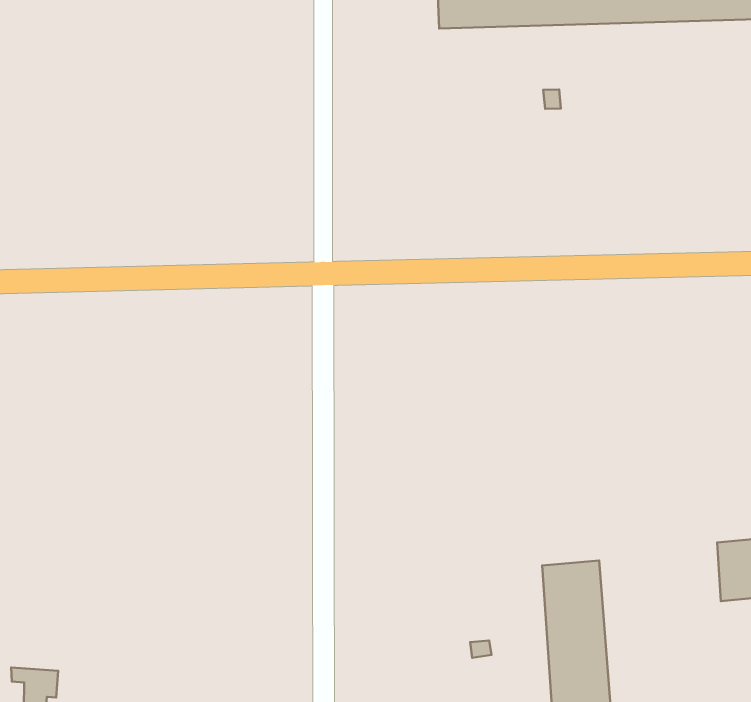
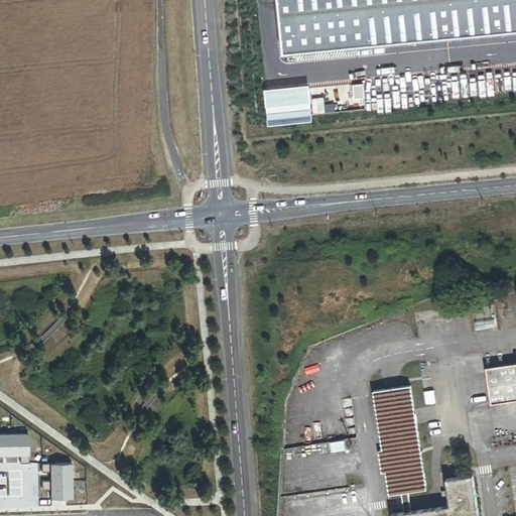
building: none -> [266,86,313,126]
building: none -> [39,464,70,482]

